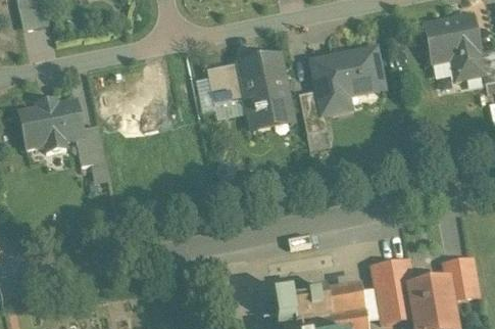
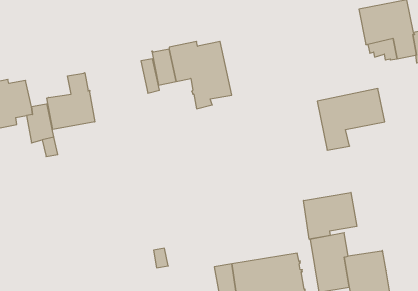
building: [312,46,383,110] -> [317,89,385,150]
building: none -> [47,73,95,129]
building: none -> [304,192,357,239]
building: [444,256,479,297] -> none

